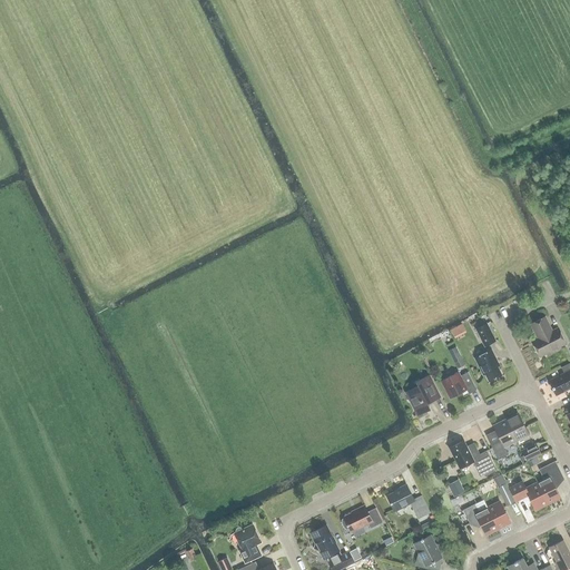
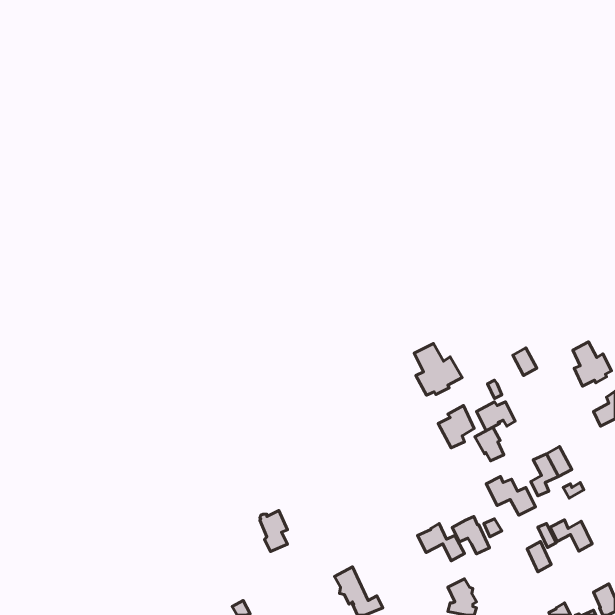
building: none -> [414,343,462,395]
building: [474,350,501,381] -> [475,427,504,461]
building: [538,465,563,503] -> none
building: [463,500,498,534] -> [452,517,490,554]
building: [343,505,382,532] -> none
building: [235,524,261,562] -> [260,511,287,551]

